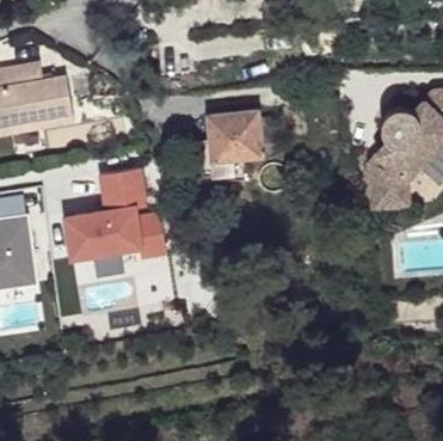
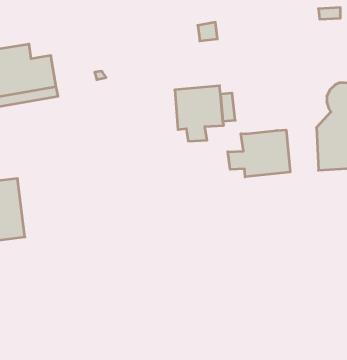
building: none -> [228,130,290,177]
building: [64,169,166,257] -> none

